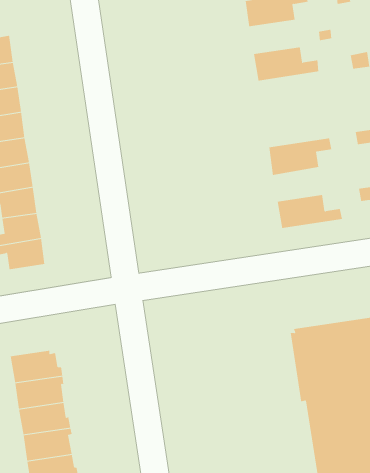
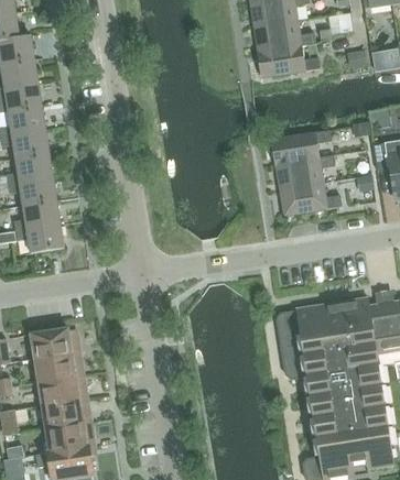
building: none -> [253,20,316,52]
building: none -> [275,155,335,189]

